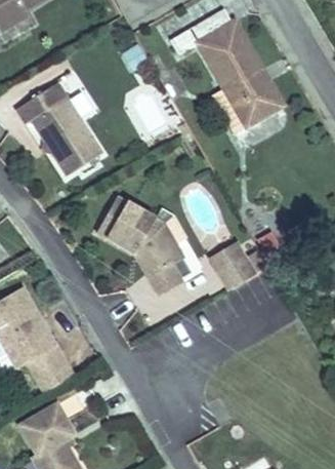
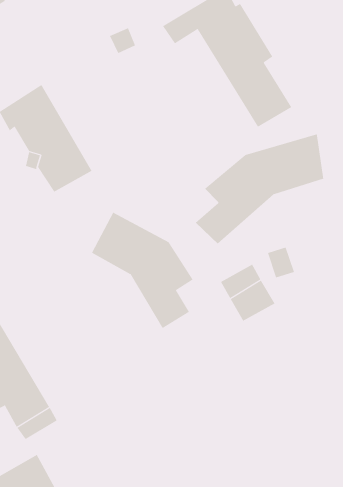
building: none -> [195,134,324,245]

